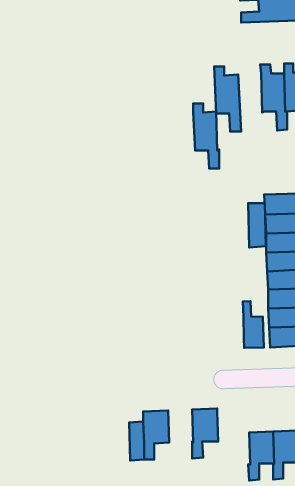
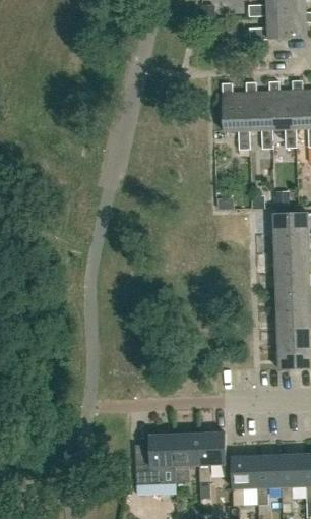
building: [193,103,219,168] -> [246,82,272,149]
building: [248,203,266,247] -> none
building: [243,301,264,348] -> none
building: none -> [175,432,200,482]
building: none -> [232,456,258,505]

